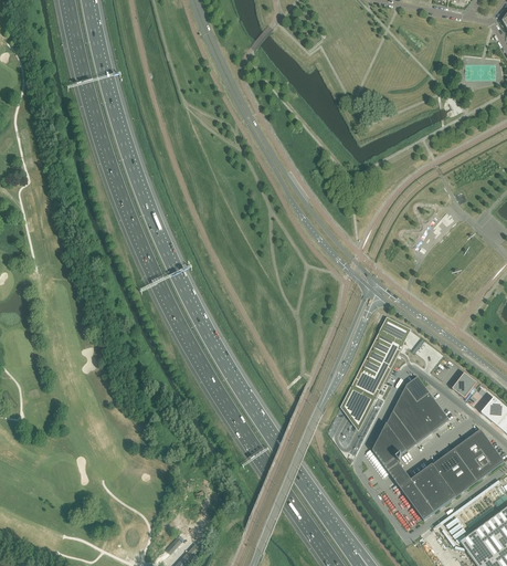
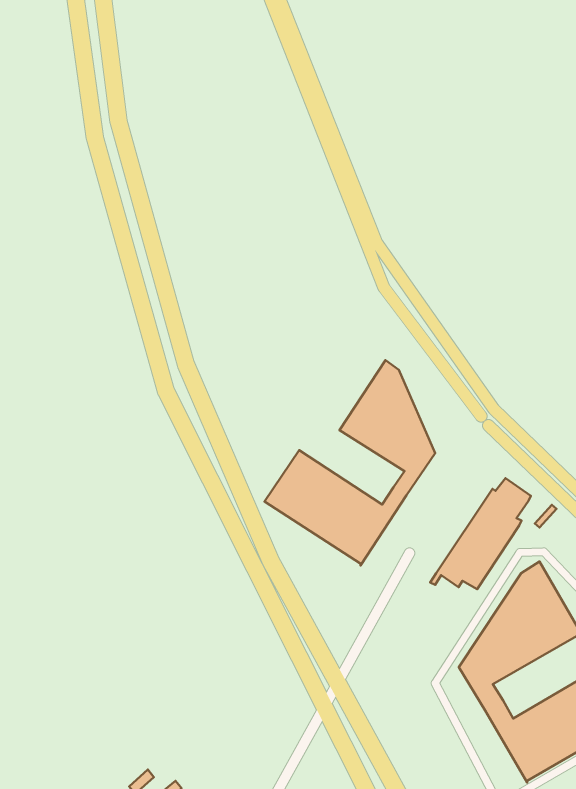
building: none -> [264,360,435,565]

